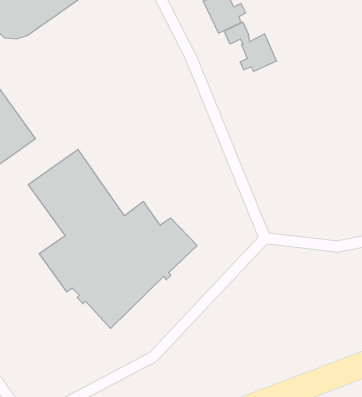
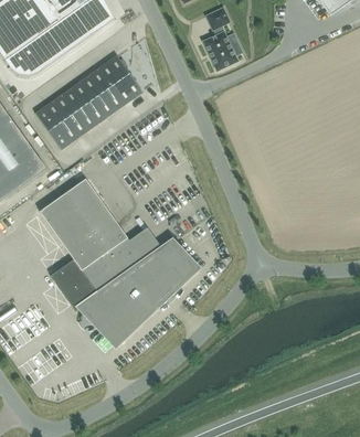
building: none -> [35,54,142,149]
building: [224,22,277,72] -> none

